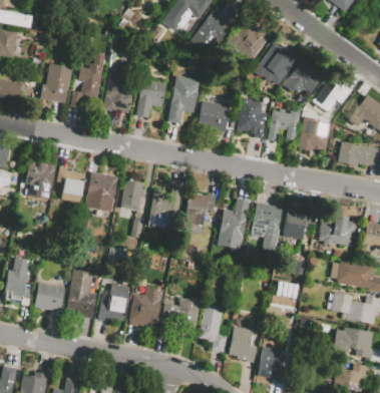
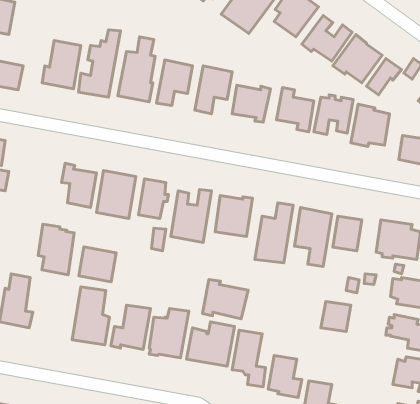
building: [25,157,55,200] -> [38,224,74,275]
building: none -> [203,279,248,319]
building: [34,283,65,312] -> [79,247,116,282]

